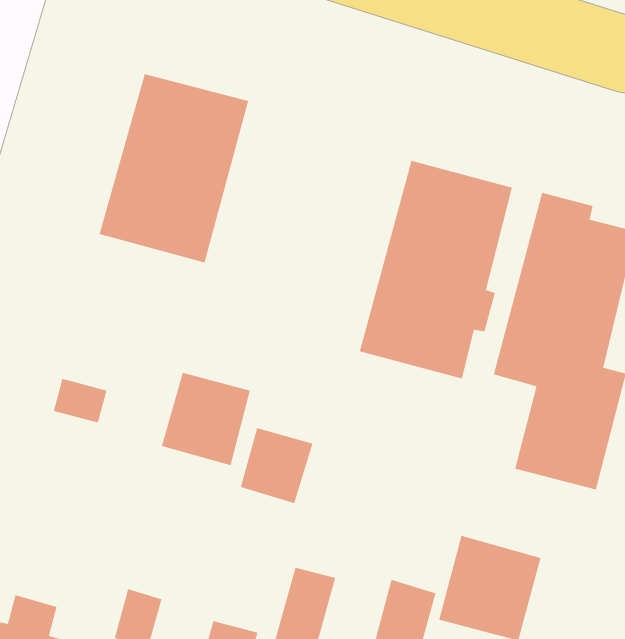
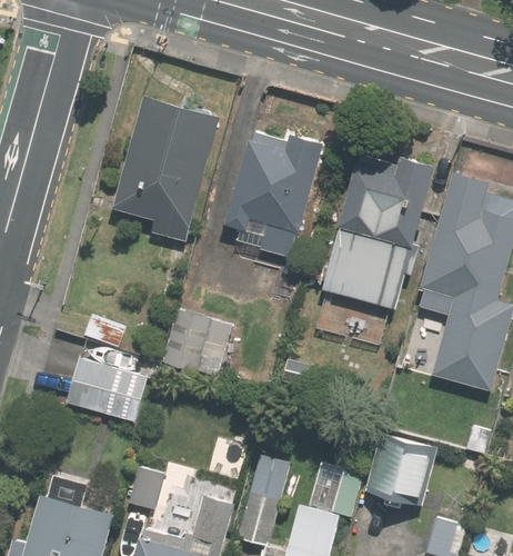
building: none -> [217,137,313,257]
building: none -> [67,350,155,420]
building: [240,427,314,504] -> none

